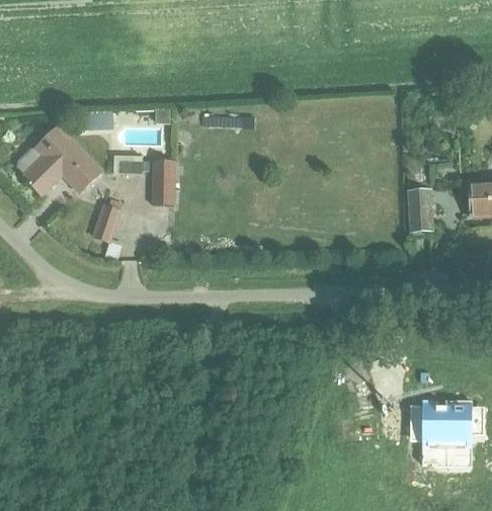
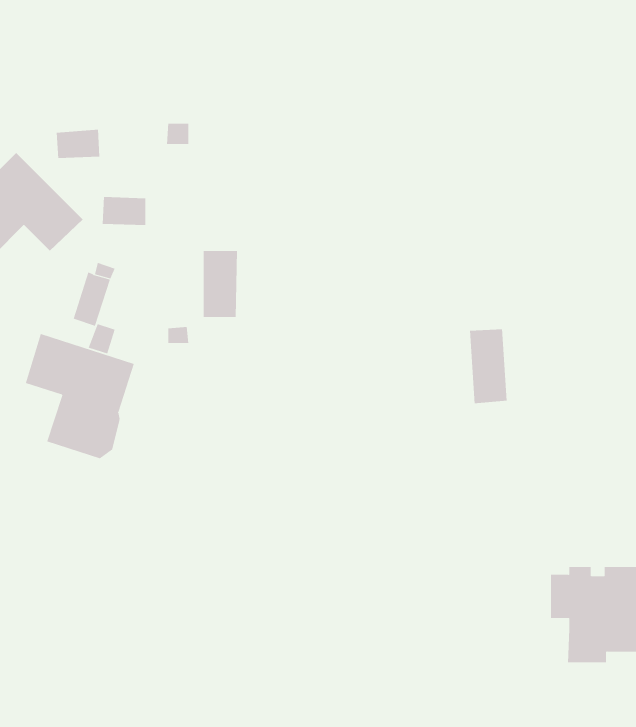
building: [151,160,174,204] -> [203,250,238,318]
building: [407,182,432,232] -> [469,329,508,404]
building: none -> [25,333,135,459]

